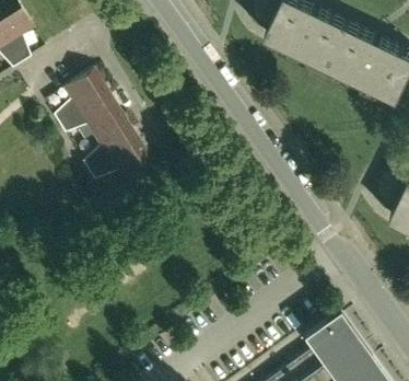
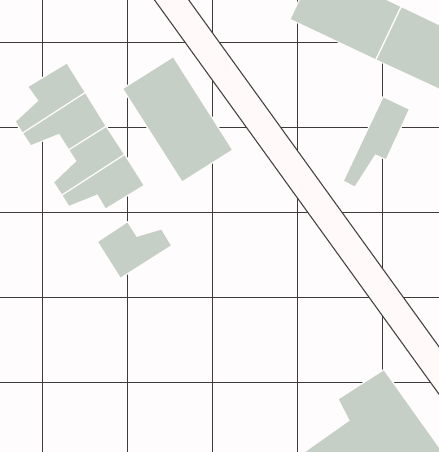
building: none -> [123,57,233,182]
building: none -> [343,96,410,187]
building: none -> [97,222,172,278]

